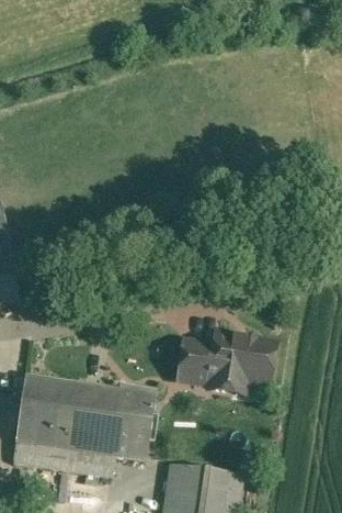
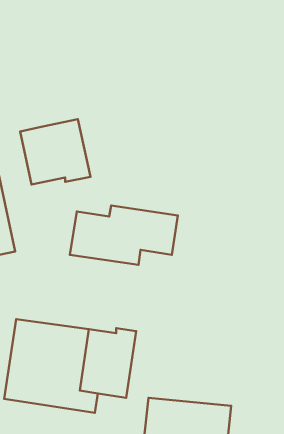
building: none -> [20,119,90,185]
building: [170,324,287,389] -> [70,205,178,265]

